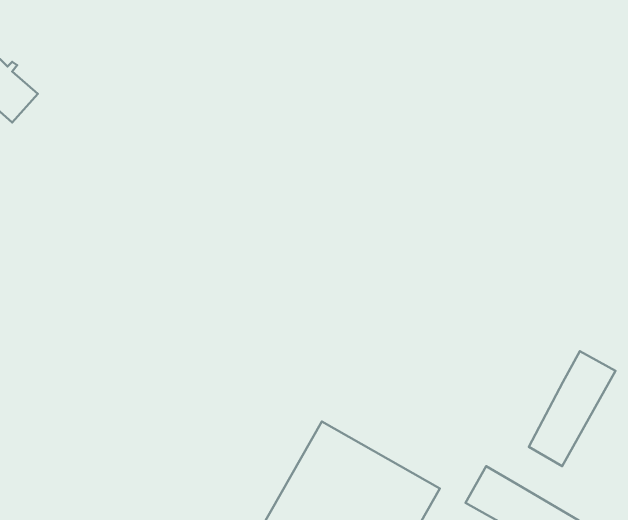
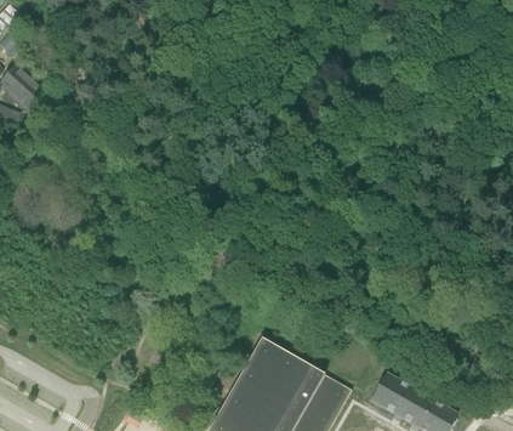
building: [529,351,615,466] -> none

